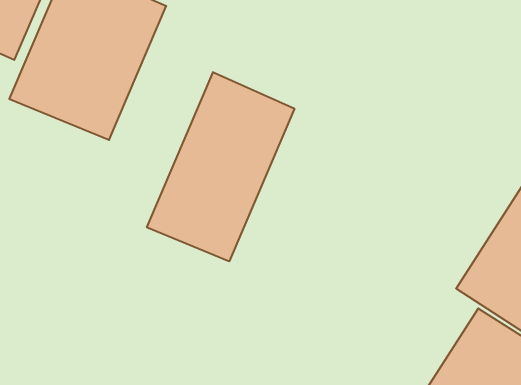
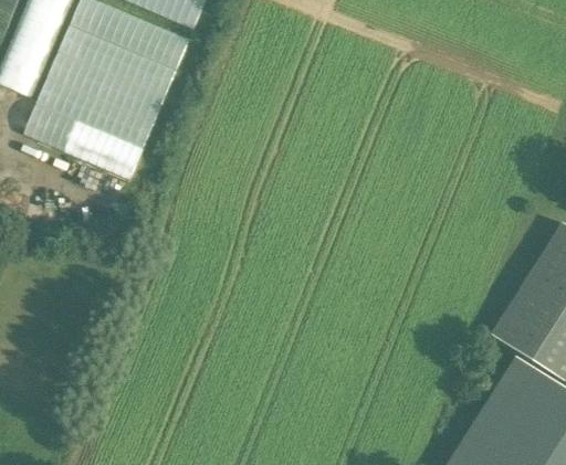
building: [147,72,294,261] -> none

